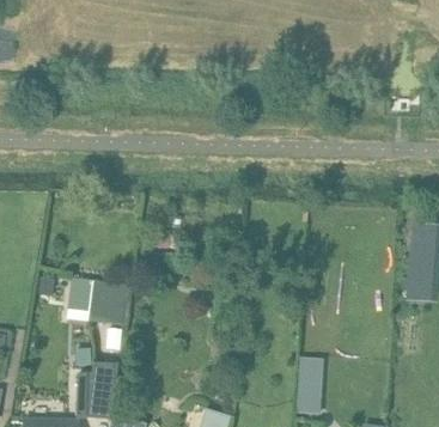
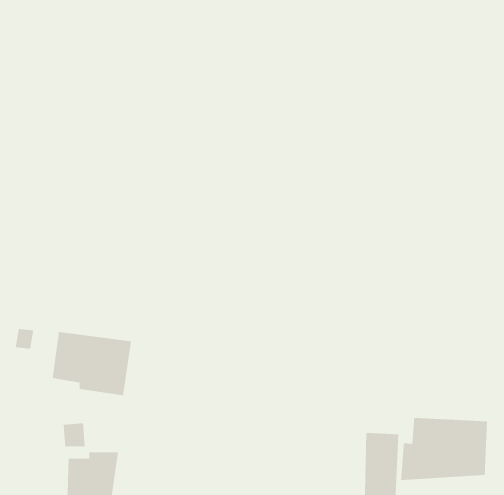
building: none -> [401,417,488,481]

